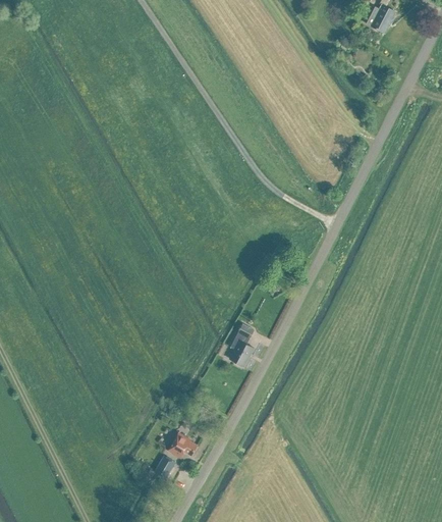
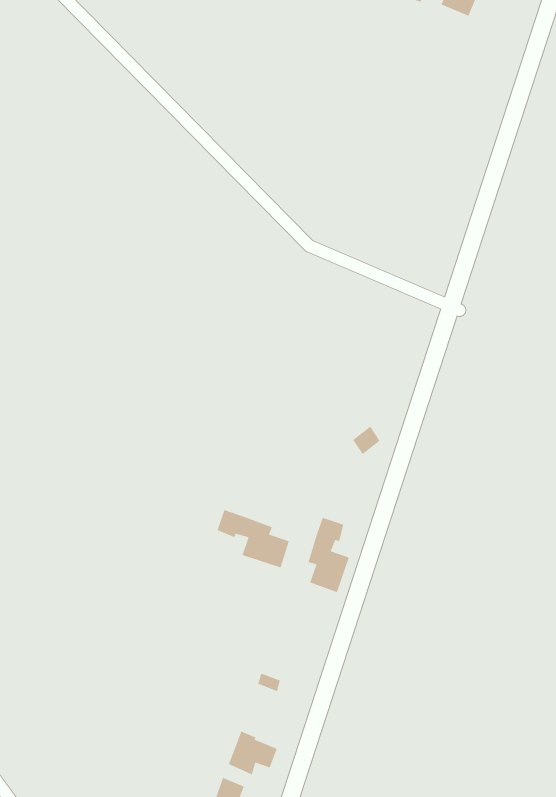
building: none -> [216,509,290,568]

